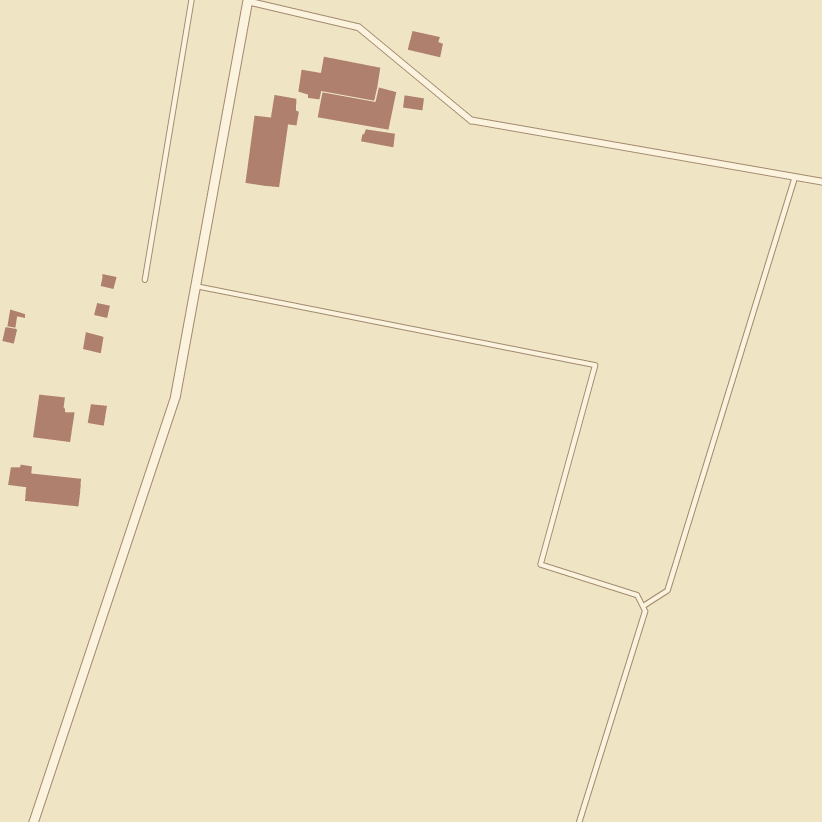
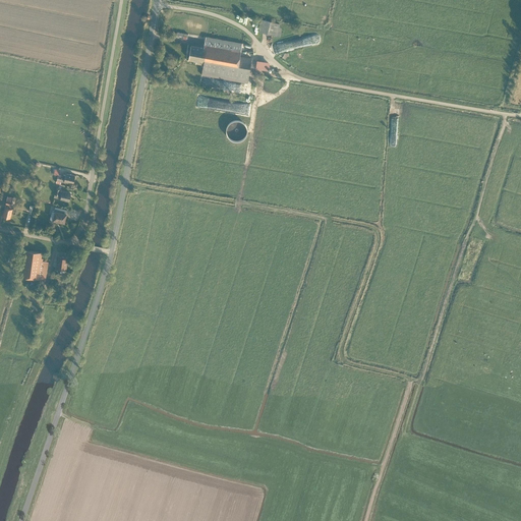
building: [245,94,300,188] -> none
building: [8,464,82,507] -> none

